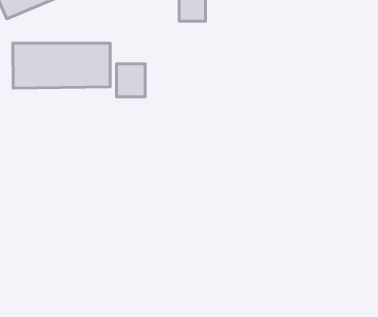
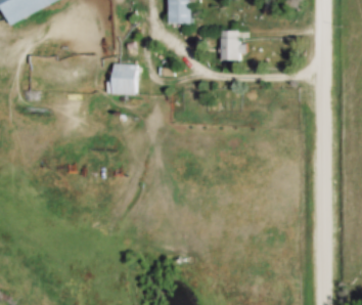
building: none -> [219,32,241,61]
building: [13,43,110,88] -> none

